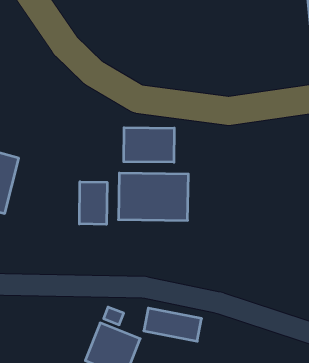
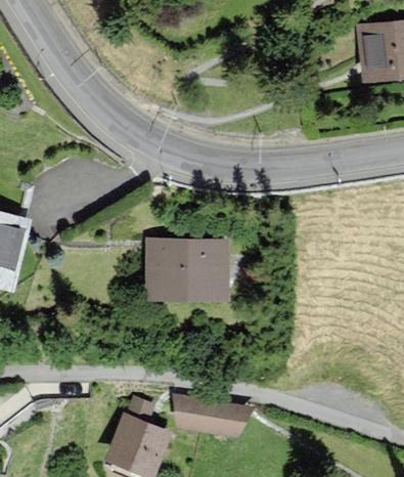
building: [124,128,174,162] -> none
building: [79,182,107,224] -> none

